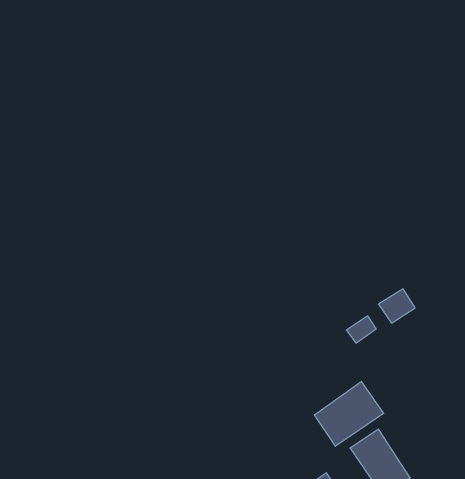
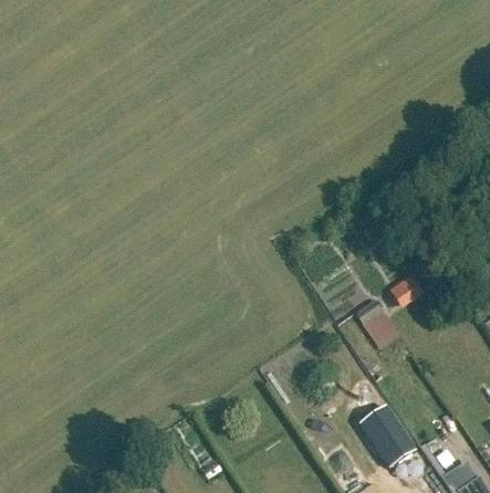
building: [314,381,384,446] -> none

